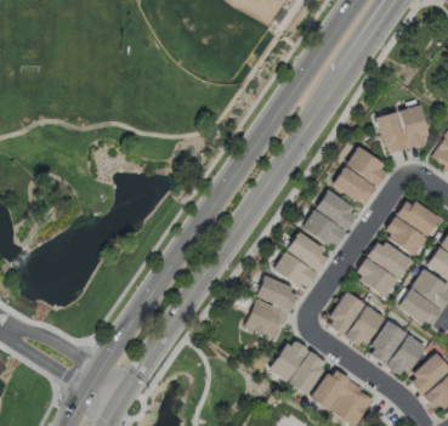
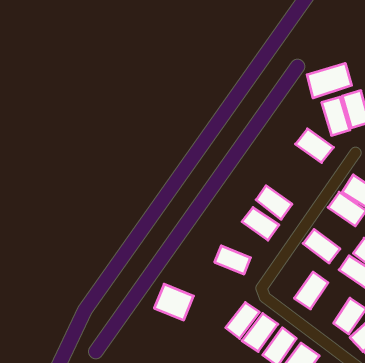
building: none -> [307,63,352,98]
building: [334,166,375,204] -> none
building: [317,191,359,228] -> none
building: [369,239,412,278] -> none
building: [274,252,316,290] -> none
building: [325,291,364,334] -> none
building: [246,297,290,337] -> [154,284,194,320]
building: [368,322,406,362] -> none

